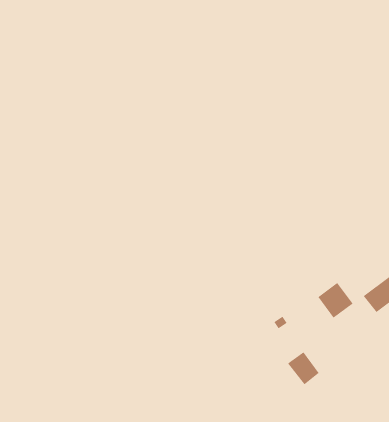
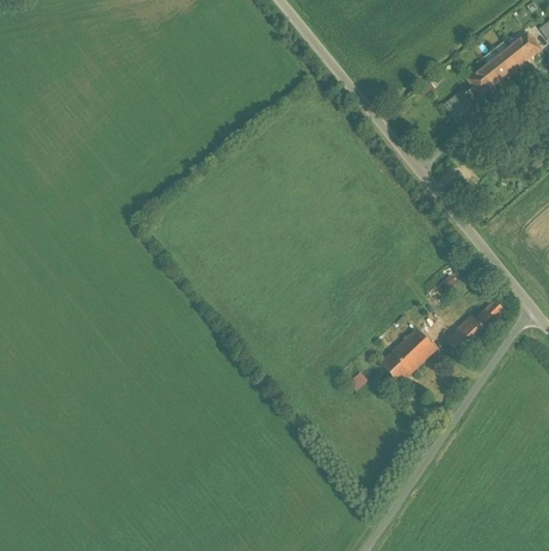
building: [287,352,320,385] -> [380,346,417,383]

